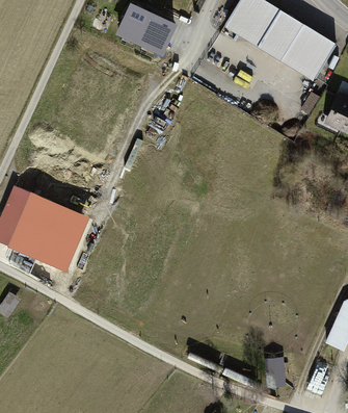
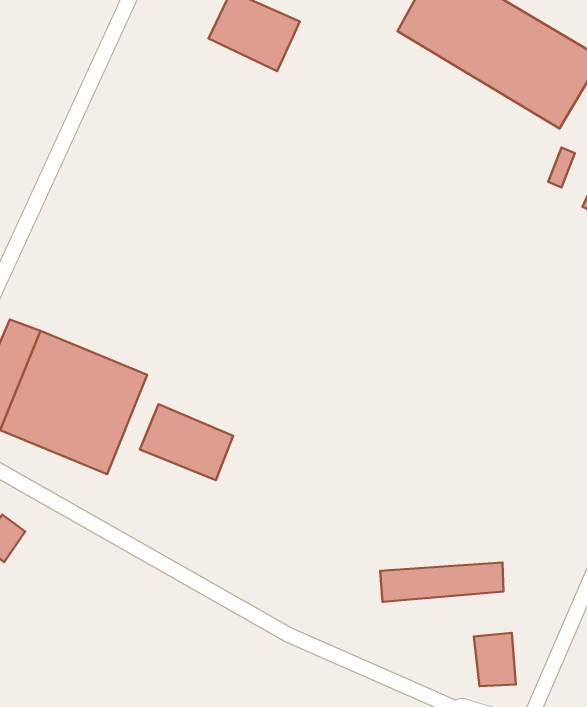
building: none -> [140,404,233,480]
building: none -> [380,563,503,602]

